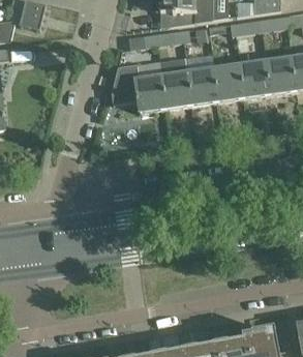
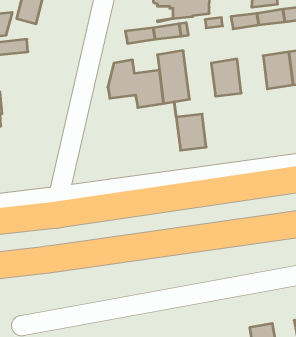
building: [185,56,217,105] -> [174,102,206,150]
building: [239,61,269,98] -> none

